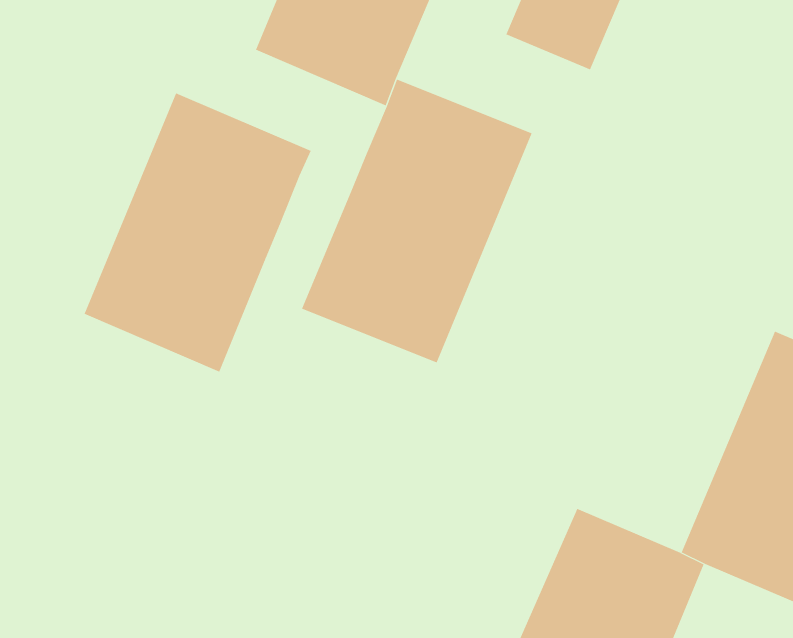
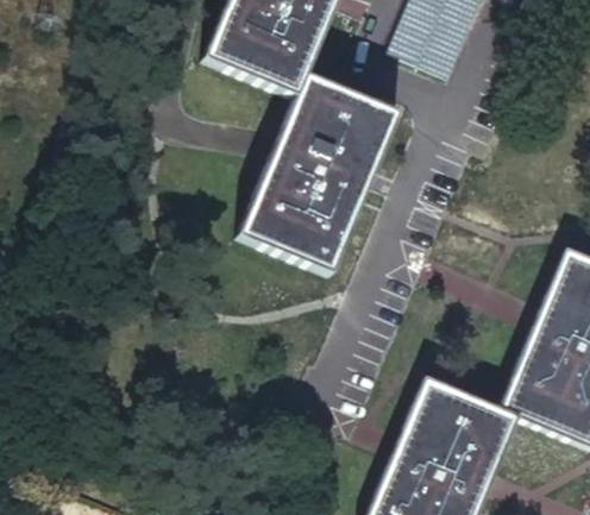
building: [84,92,312,372] -> none

